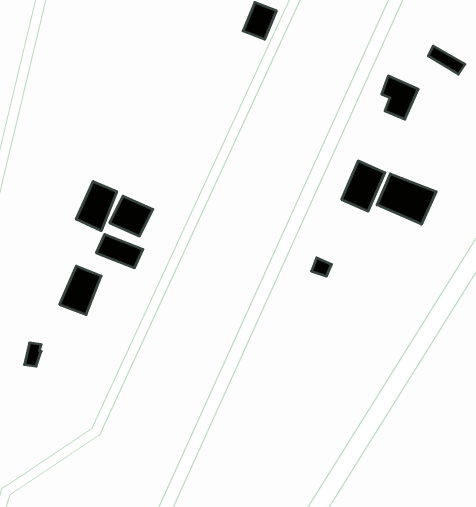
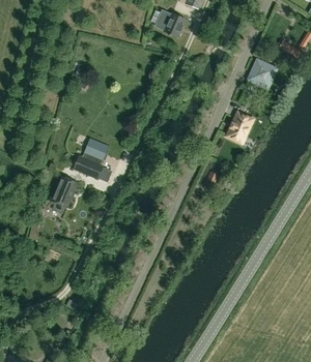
building: [377,174,436,224] -> none
building: [76,181,117,231] -> none

